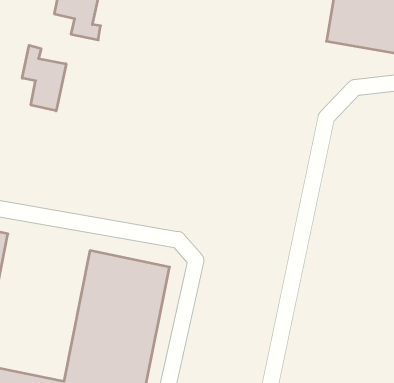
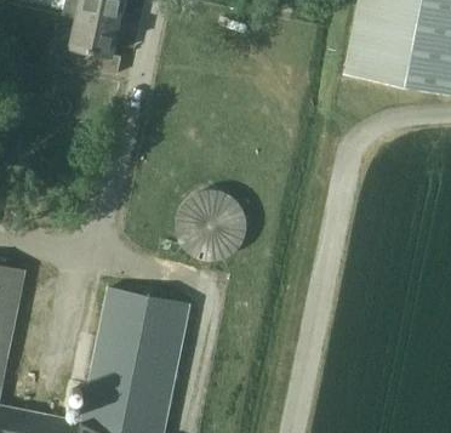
building: [22,45,66,111] -> none
building: none -> [175,194,247,268]

